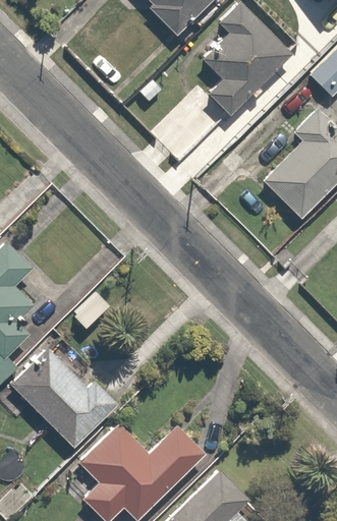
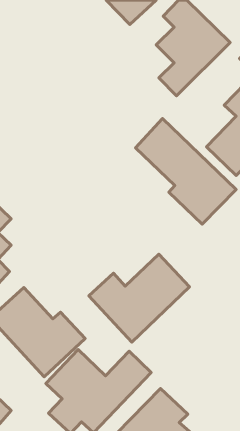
building: none -> [135,119,236,224]
building: none -> [89,254,189,342]

